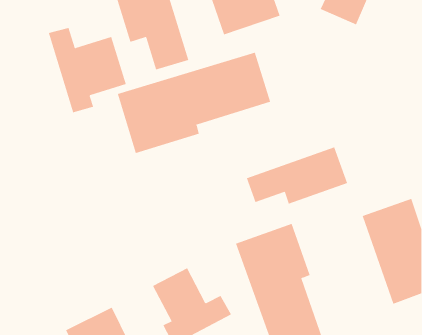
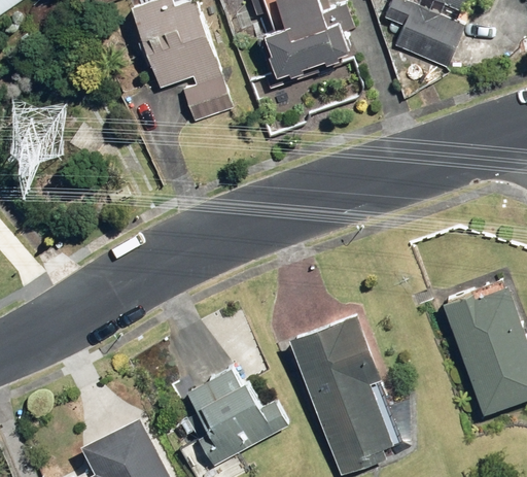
building: [48,27,127,113] -> none
building: [117,52,271,154] -> none
building: [246,147,348,204] -> none

